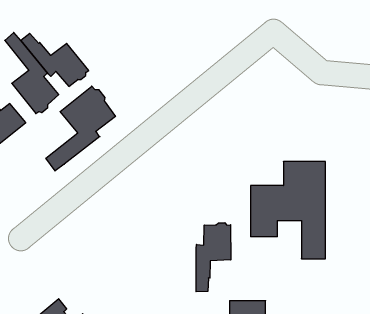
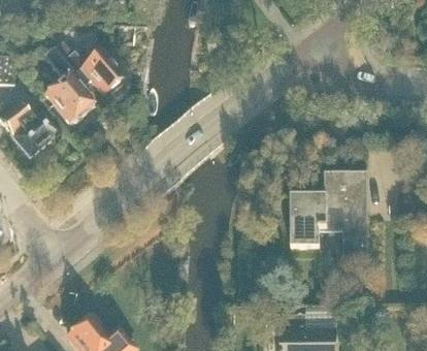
building: [46,86,115,171] -> none
building: [196,223,231,292] -> none

